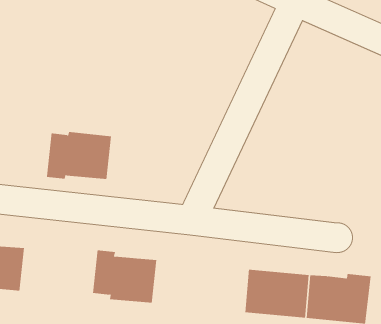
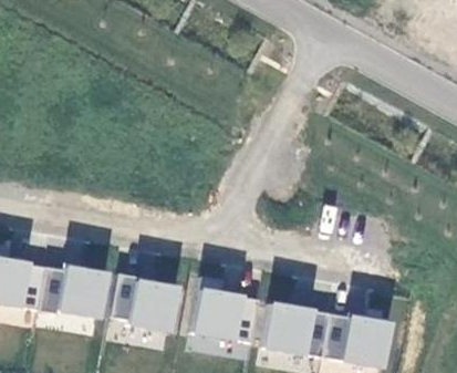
building: [46,132,112,180] -> [40,268,108,319]
building: none -> [193,277,260,343]

